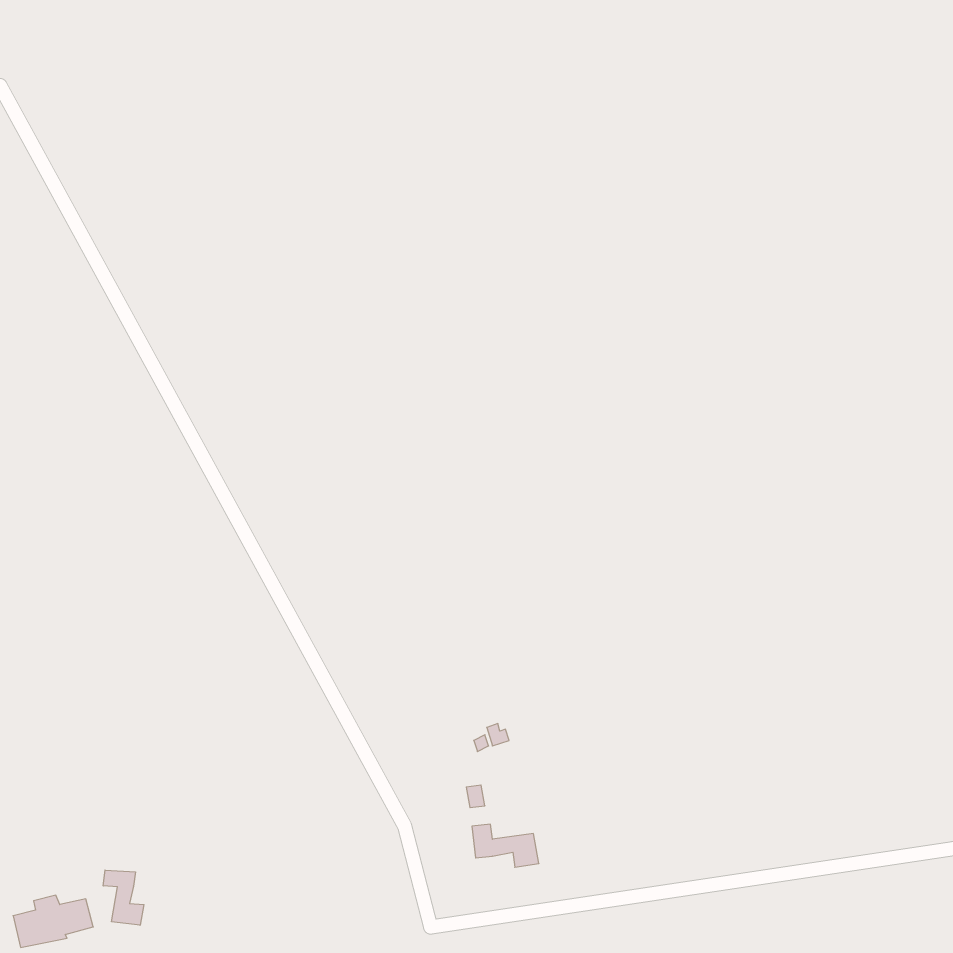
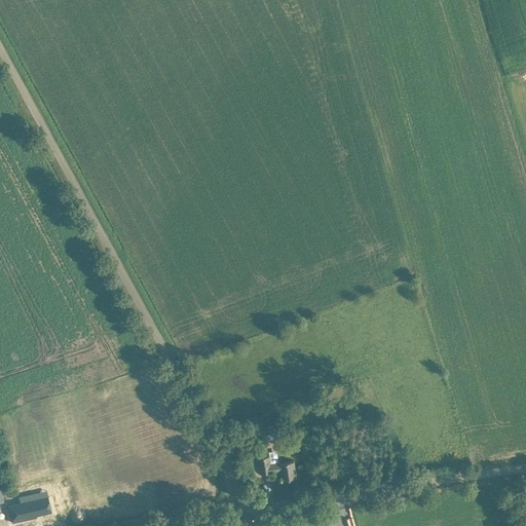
building: [103,870,144,925] -> none

